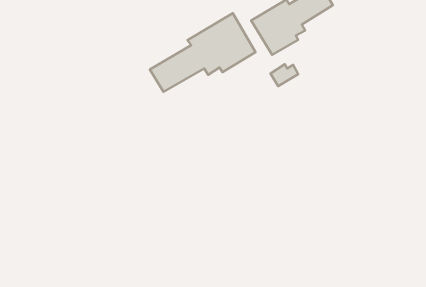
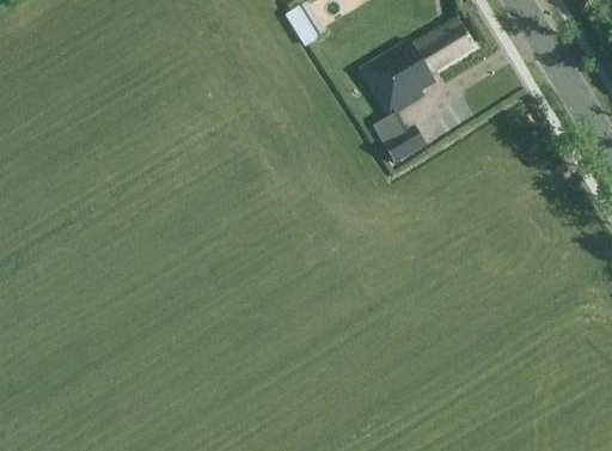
building: [150,13,255,92] -> none

